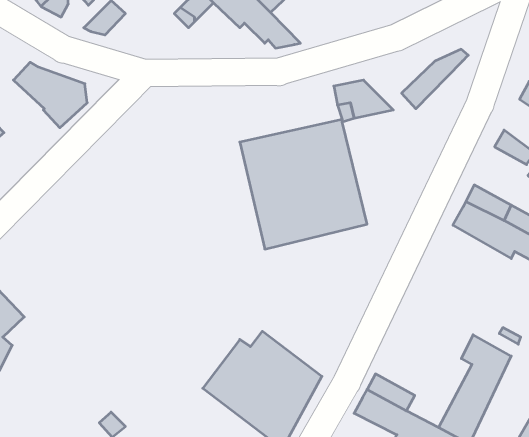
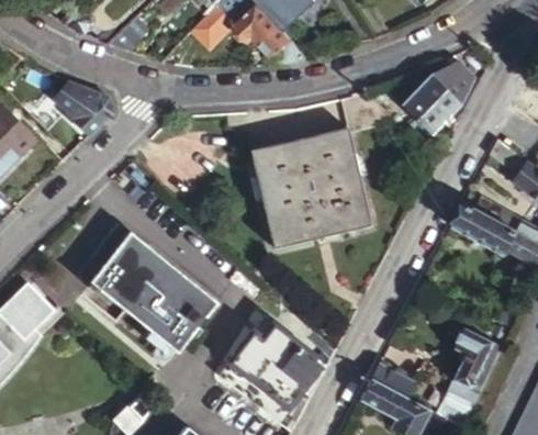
building: none -> [416,69,473,134]
building: none -> [85,230,218,354]

